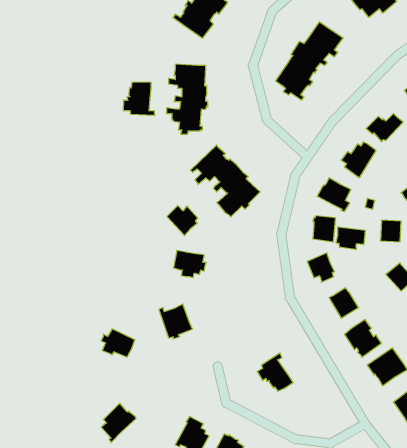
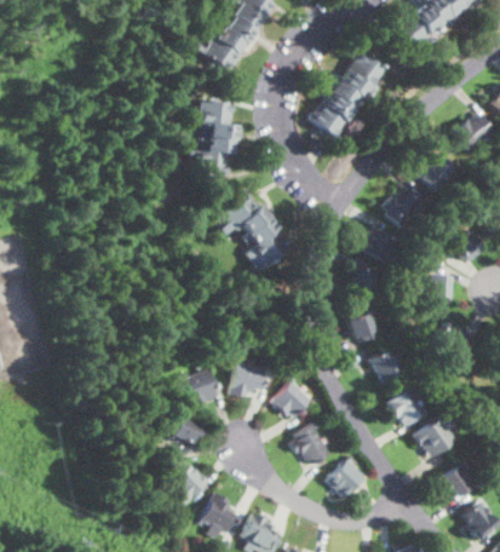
building: [123,82,155,116] -> none
building: [167,206,198,236] -> none
building: [336,227,365,250] -> none
building: [173,250,206,278] -> [232,363,269,393]
building: none -> [274,380,311,416]
building: [101,329,135,357] -> [167,414,205,445]
building: none -> [327,459,367,496]
building: [101,403,136,443] -> [171,464,209,507]

